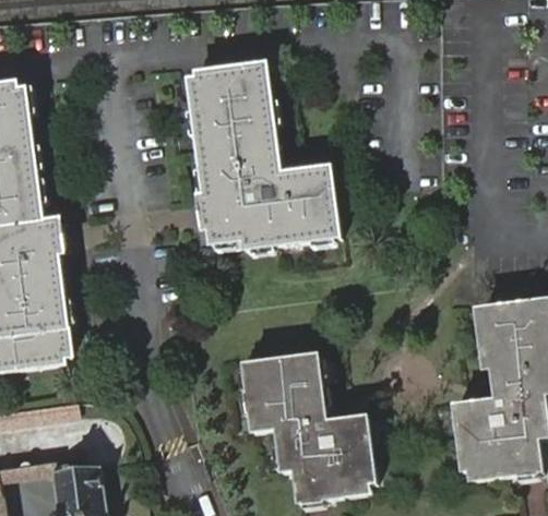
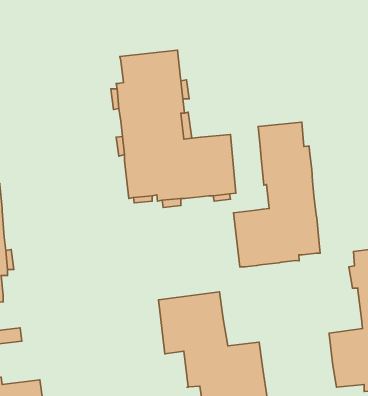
building: none -> [234,122,320,267]

